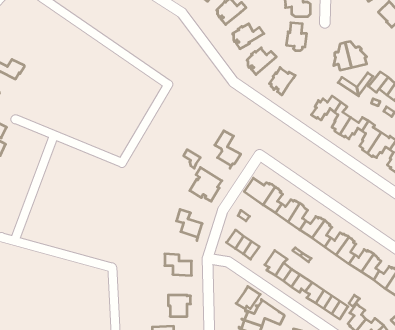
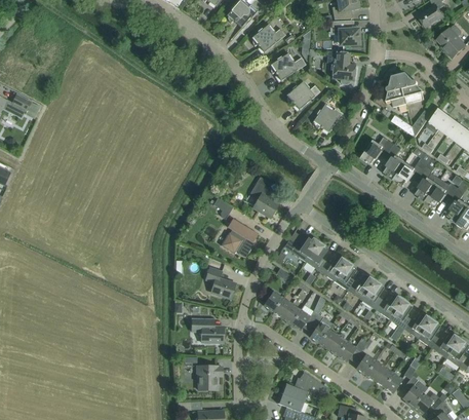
building: [236,286,260,309] -> [290,304,318,330]

